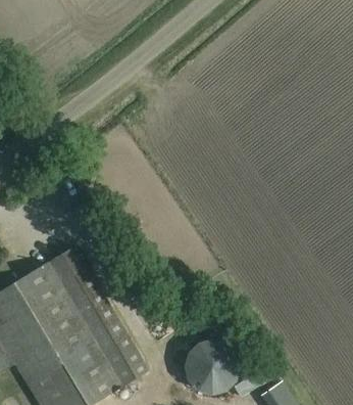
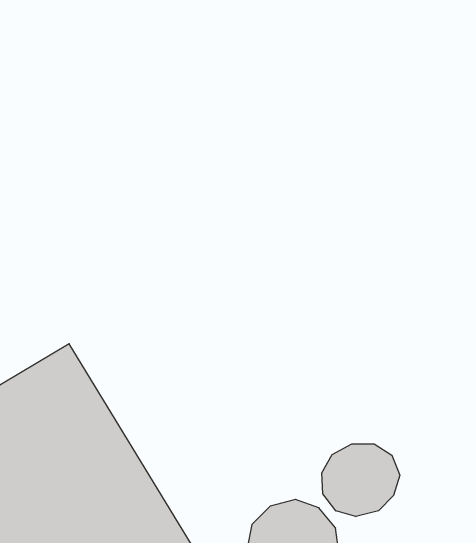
building: none -> [322,444,400,517]

